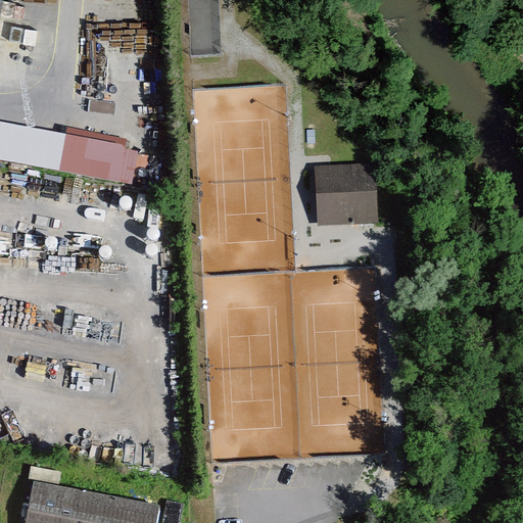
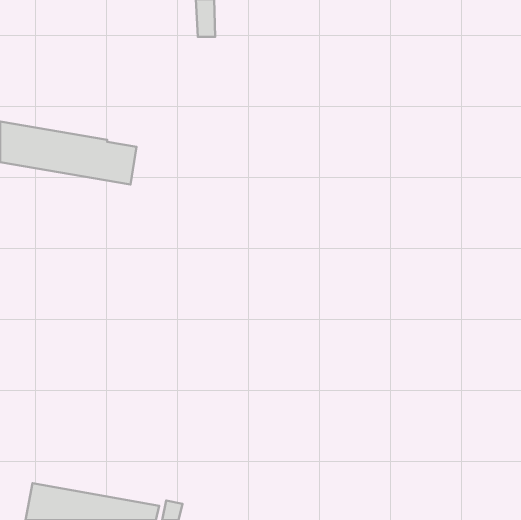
building: [318,169,375,220] -> none

